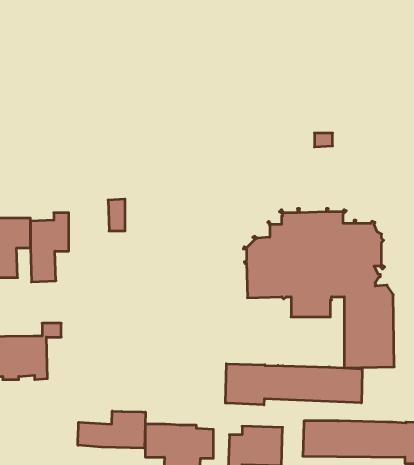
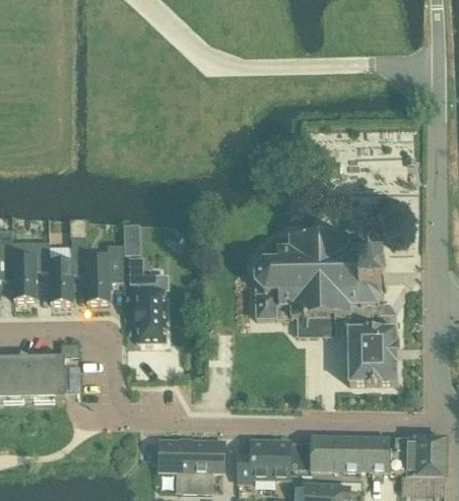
building: none -> [85,245,122,302]
building: none -> [129,258,165,342]
building: [225,364,362,405] -> none
building: [78,411,145,448] -> none

